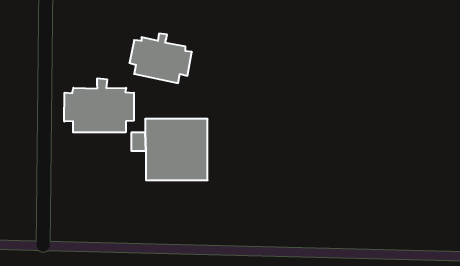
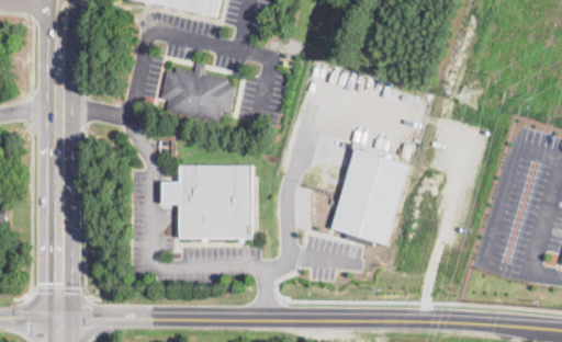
building: [64,78,134,132] -> none
building: none -> [331,147,408,244]

